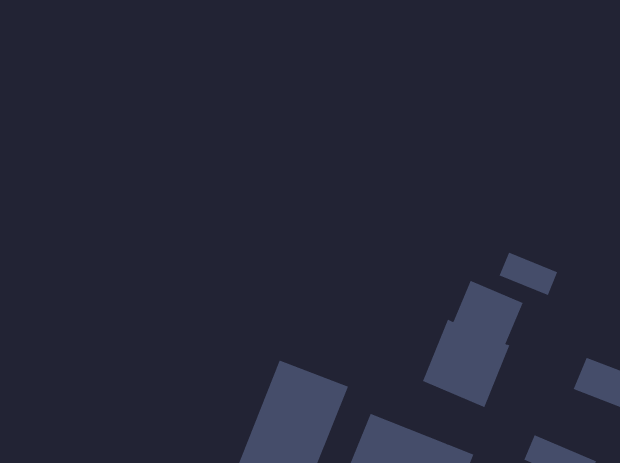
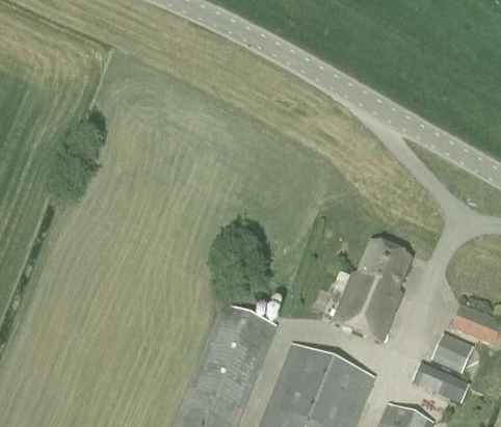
building: [499,252,558,296] -> none
building: none -> [430,331,474,373]

